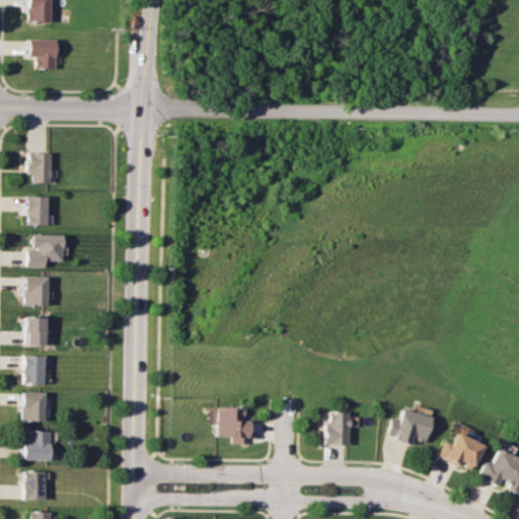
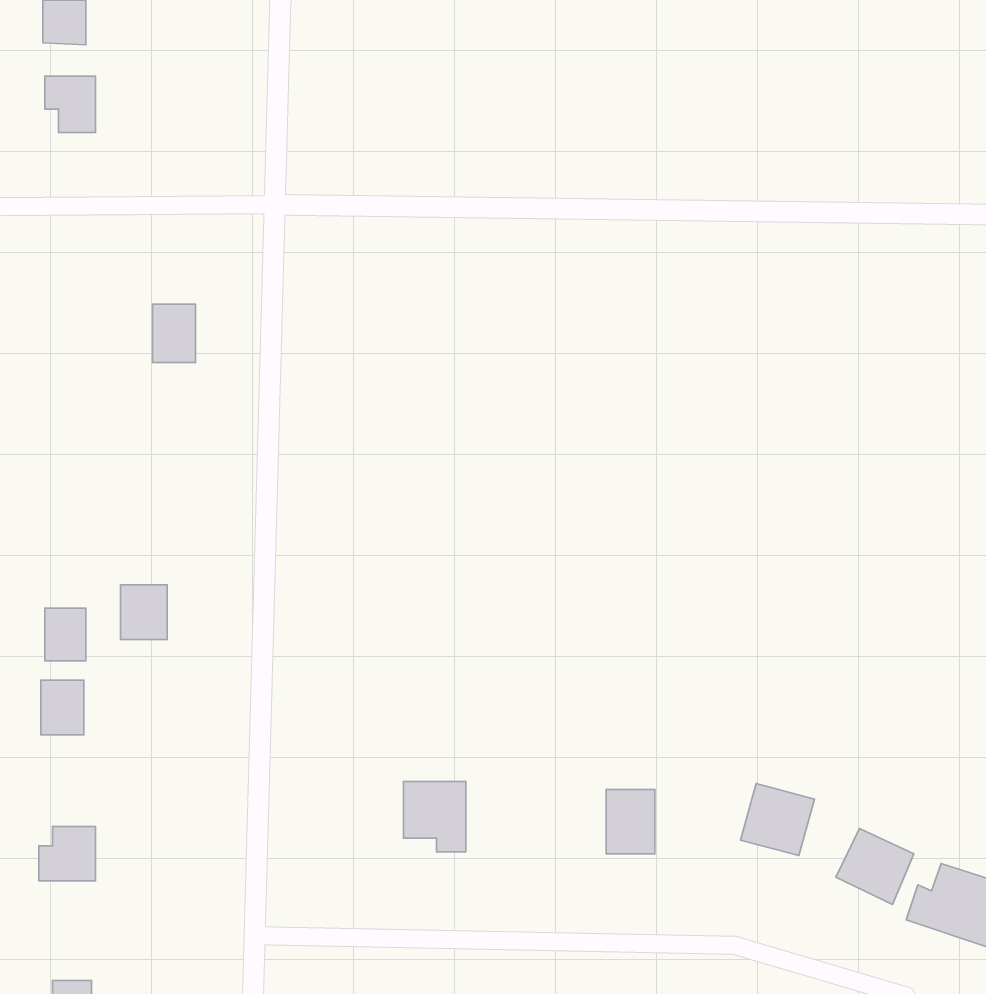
building: [32,152,55,182] -> [153,304,195,363]
building: [29,197,52,225] -> none
building: [29,235,66,268] -> none
building: [27,277,52,305] -> [120,585,167,639]
building: [25,390,50,421] -> none
building: [24,470,47,500] -> none

